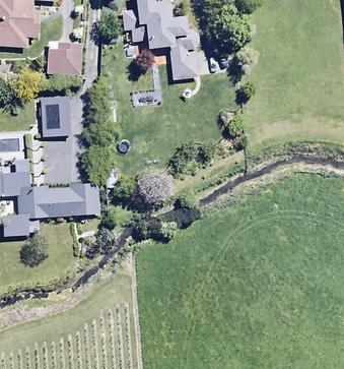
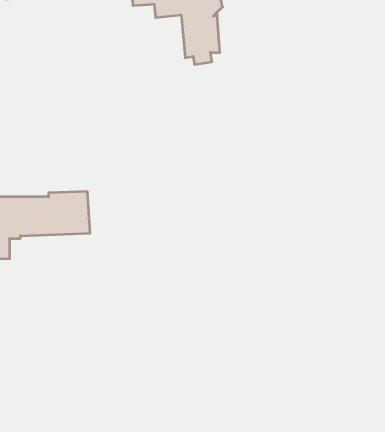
building: [46,43,82,77] -> none
building: [41,97,70,136] -> none

